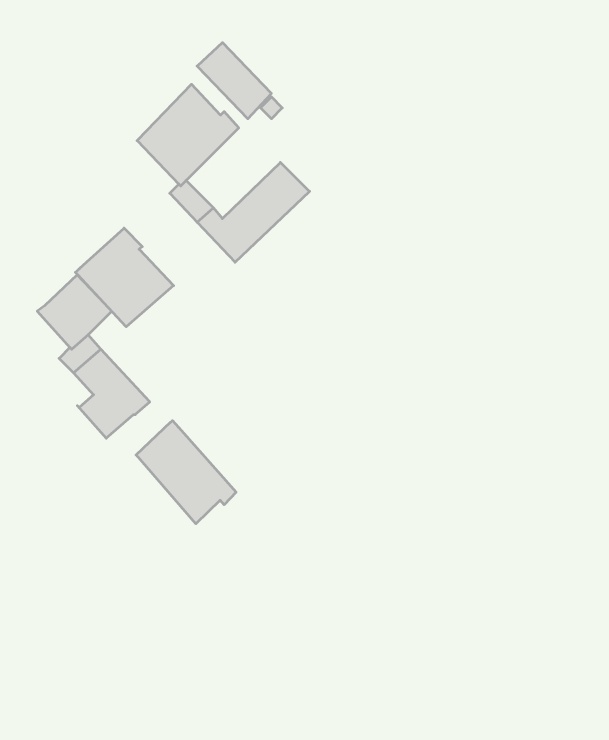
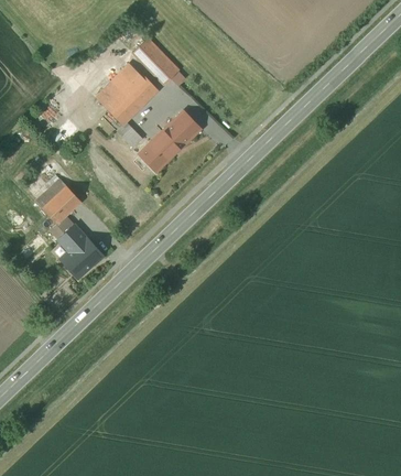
building: [75,228,174,327] -> none
building: [136,421,236,524] -> none

